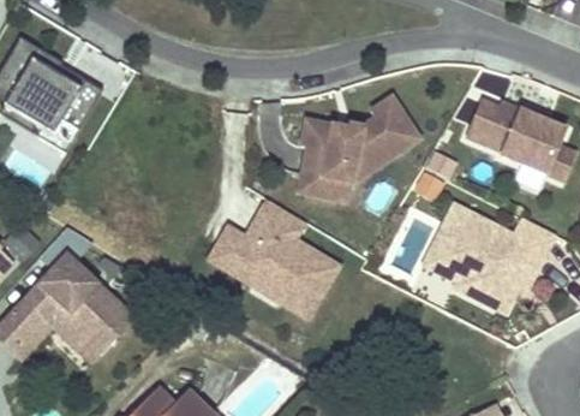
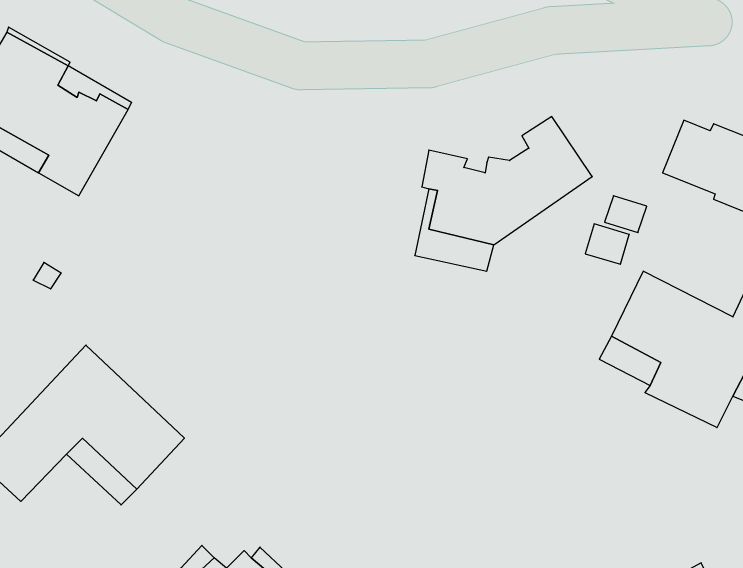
building: [209,198,340,316] -> none

